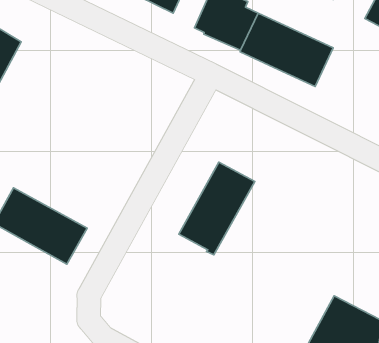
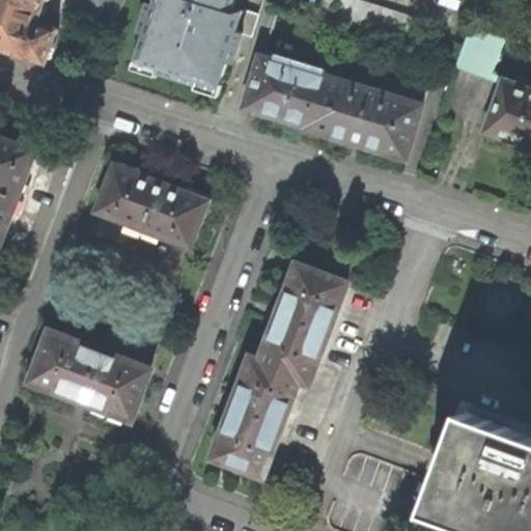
building: none -> [94,161,206,247]
building: none -> [214,358,299,473]

